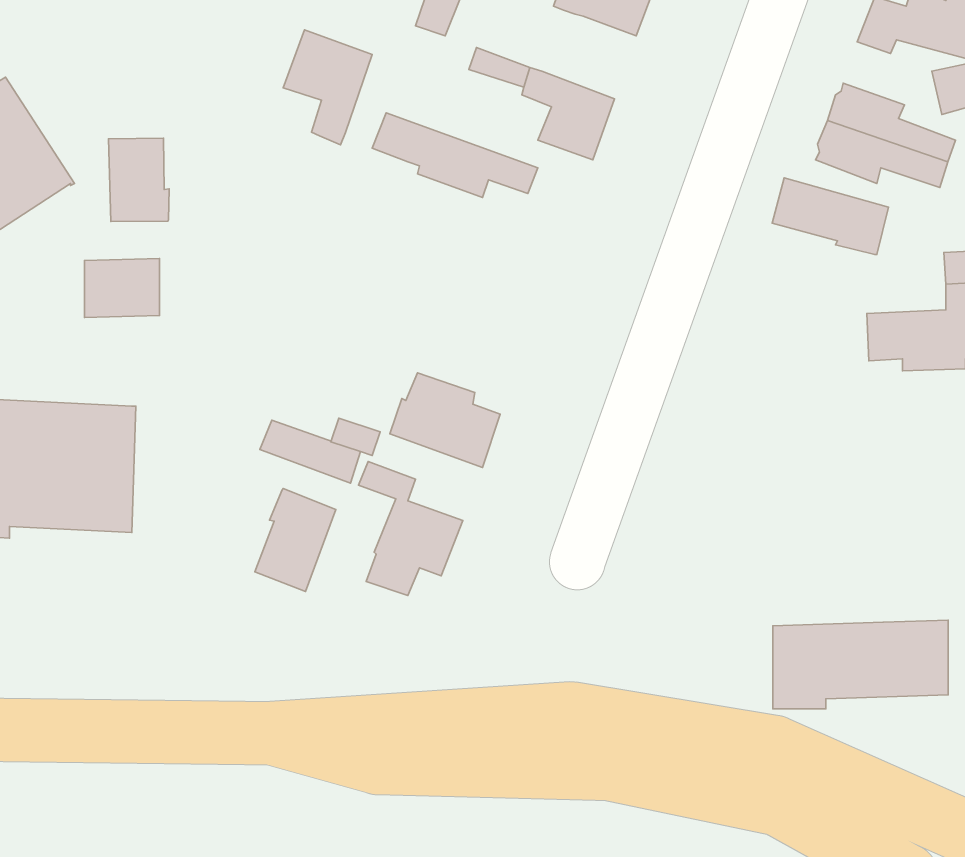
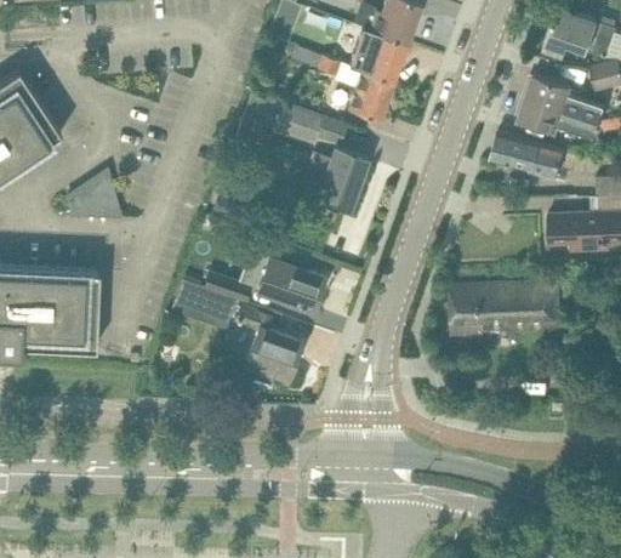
building: none -> [348,29,406,84]
building: [283,30,372,145] -> none
building: [109,138,169,222] -> none
building: none -> [302,149,365,210]
building: [255,489,336,592] -> none
building: [773,620,948,709] -> [450,284,558,338]

